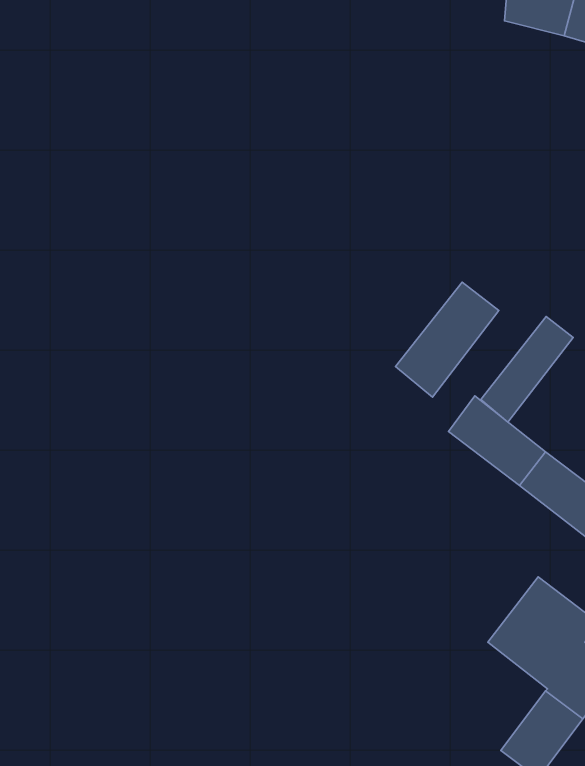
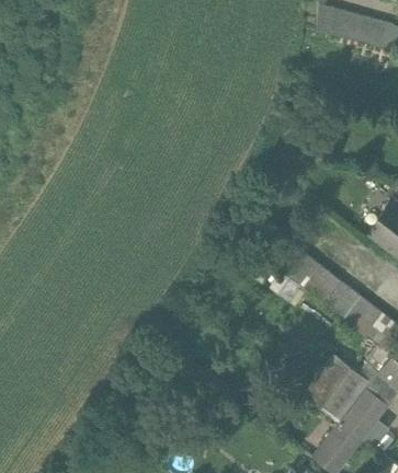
building: [396,282,499,397] -> none
building: [481,316,573,422] -> none

